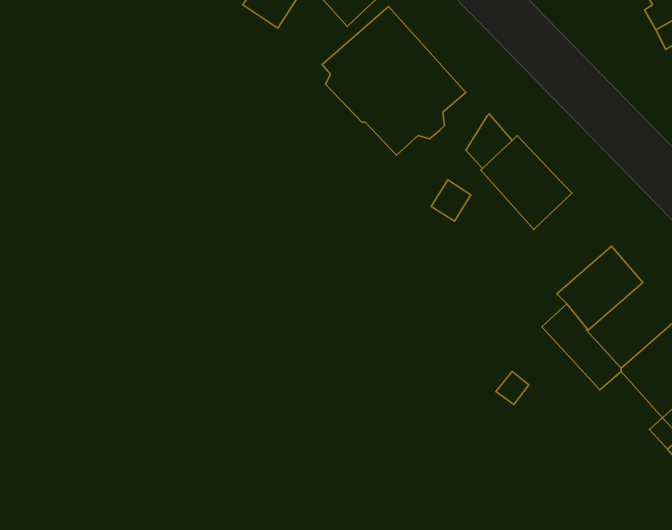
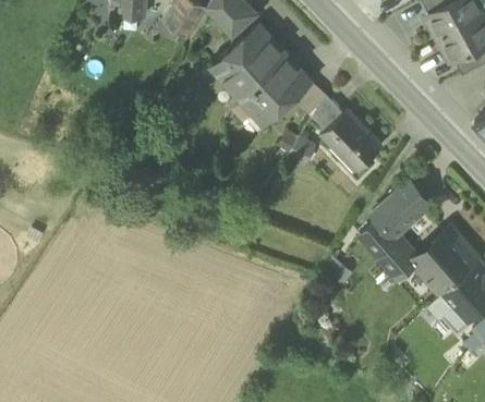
building: none -> [293,82,325,124]

